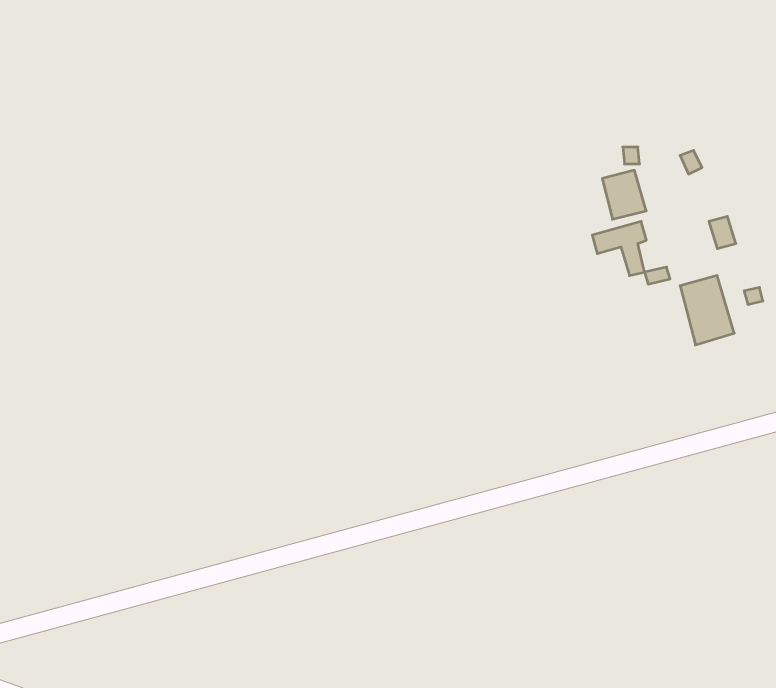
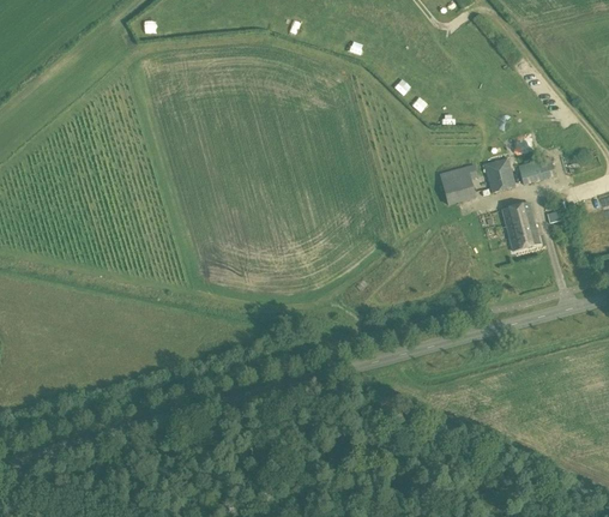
building: [602,170,646,219] -> [483,157,514,192]

